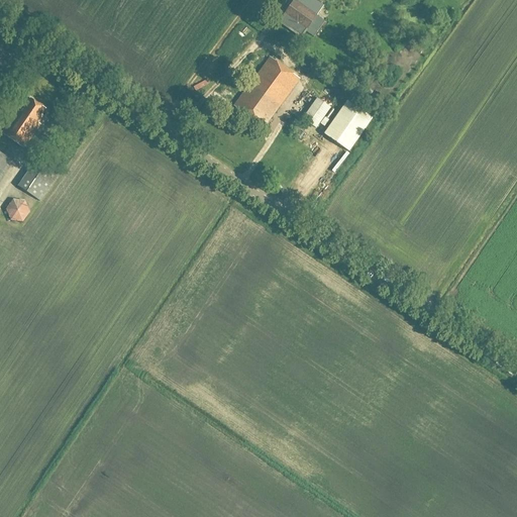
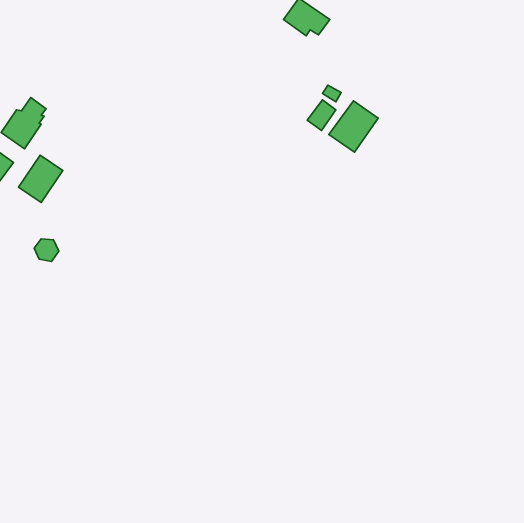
building: [234,56,298,125] -> none
building: [5,198,29,220] -> [34,239,59,261]

